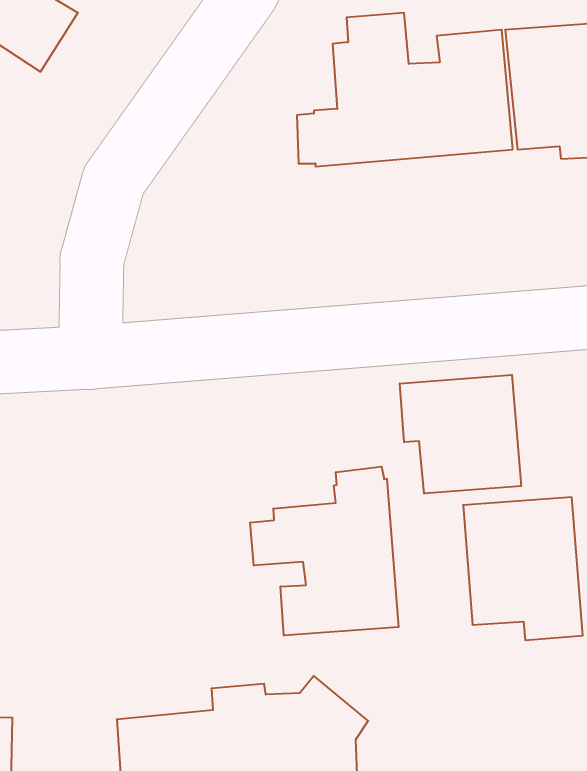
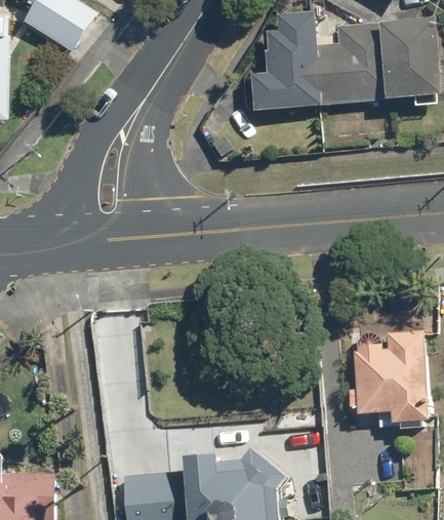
building: [400,375,521,494] -> none
building: [250,467,399,636] -> none

